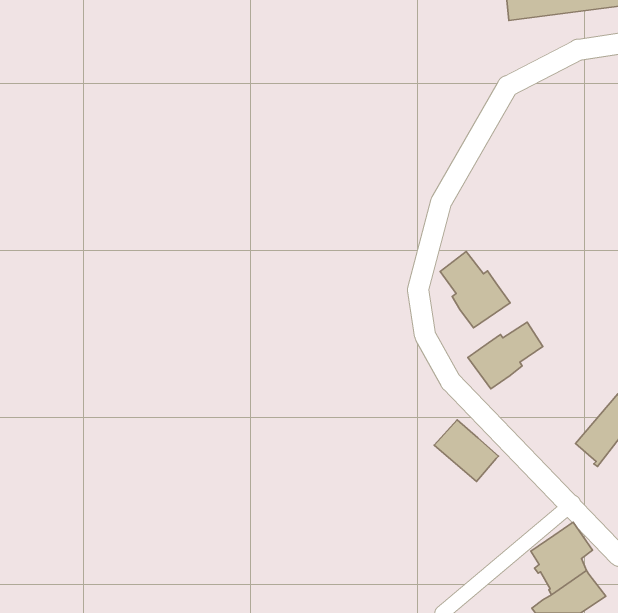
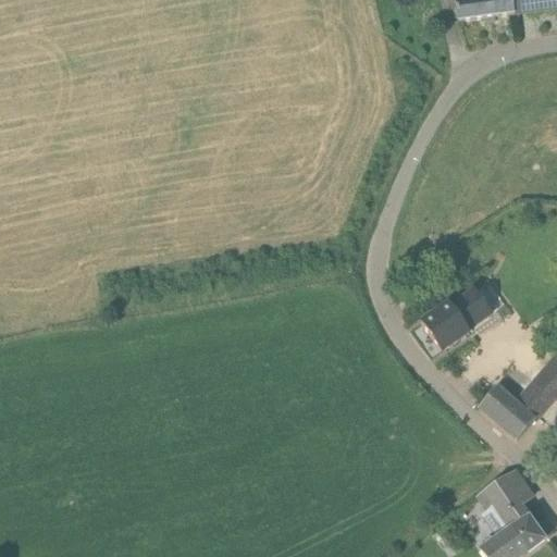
building: [440,252,510,328] -> none
building: [434,420,498,481] -> [479,382,536,437]

